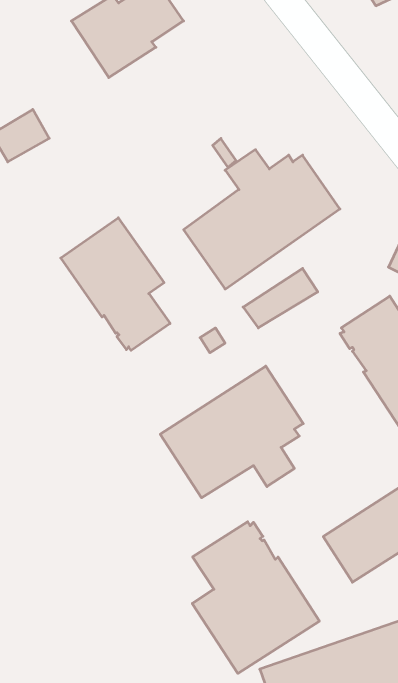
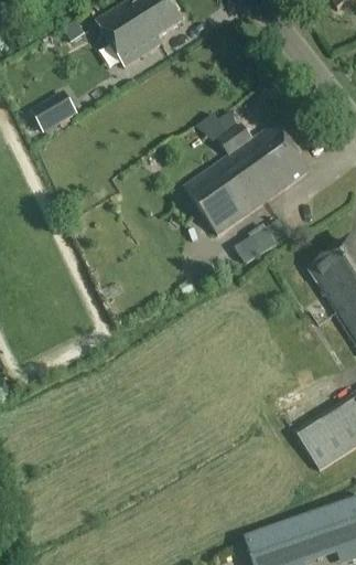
building: [61,218,170,350] -> none
building: [160,366,303,498] -> none
building: [192,522,319,673] -> none

